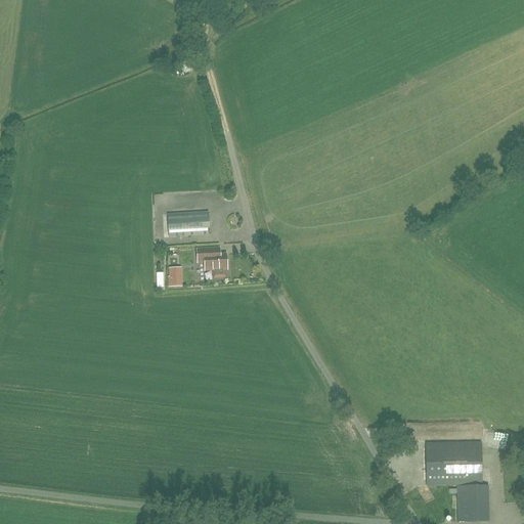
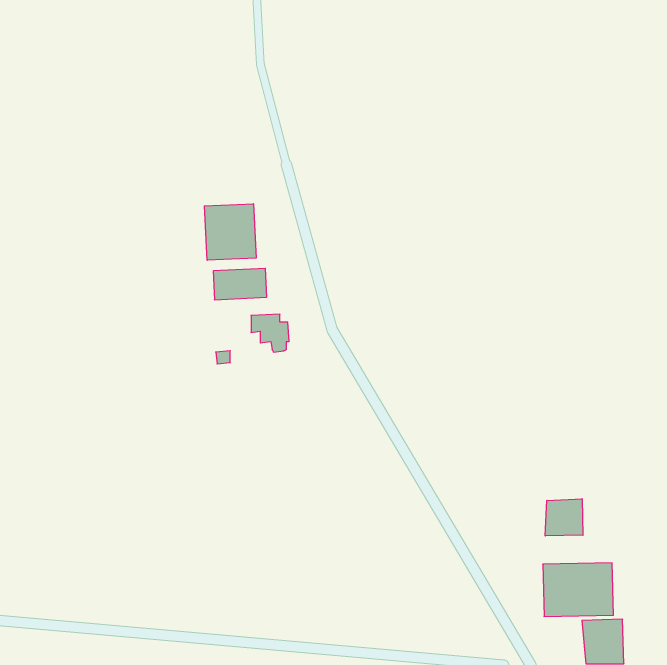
building: none -> [204,204,256,260]
building: none -> [545,499,583,536]

